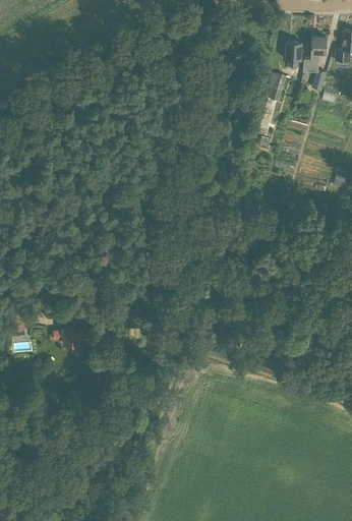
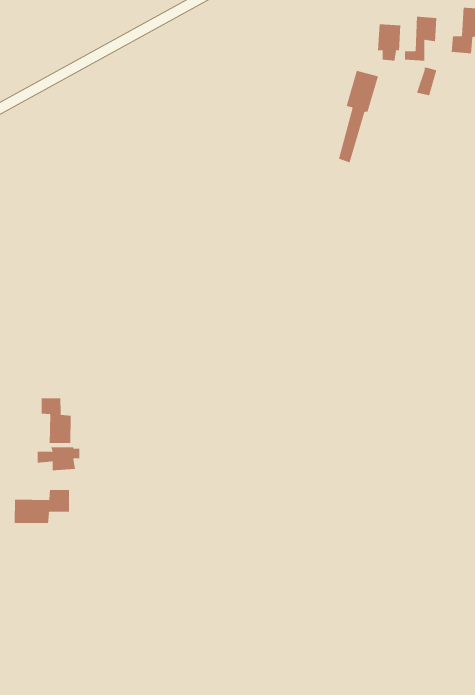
building: none -> [41,398,71,444]
building: none -> [14,489,69,524]

